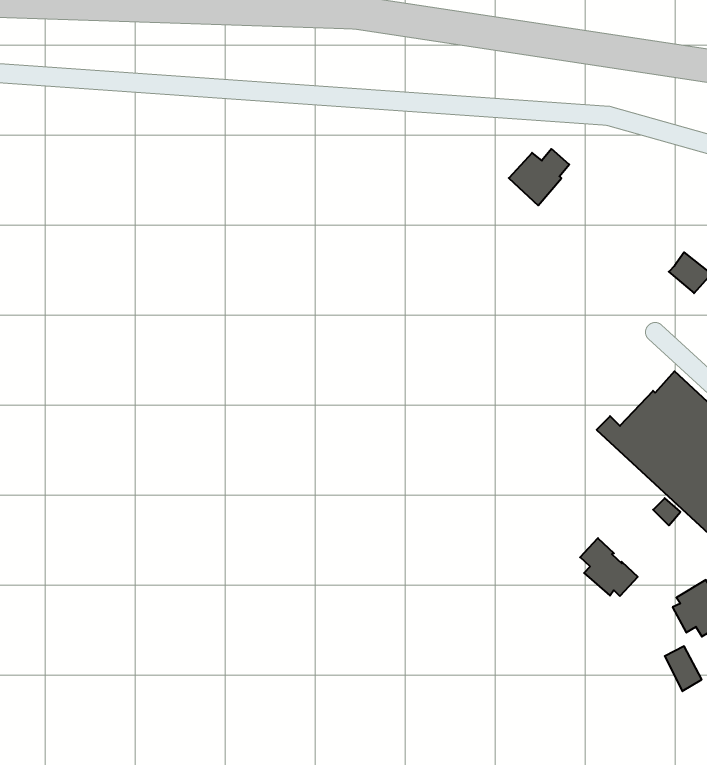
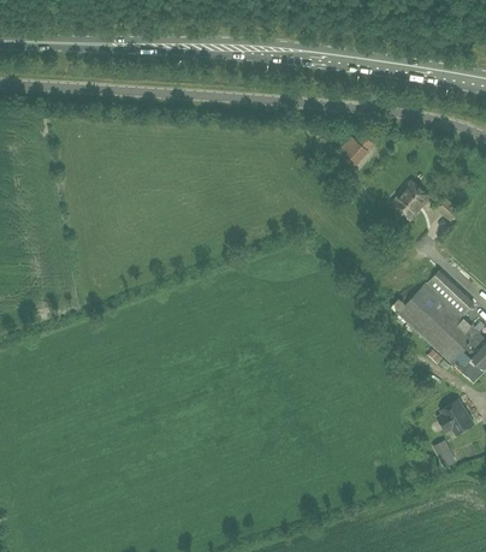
building: none -> [391,180,431,220]
building: [580,538,638,596] -> none

